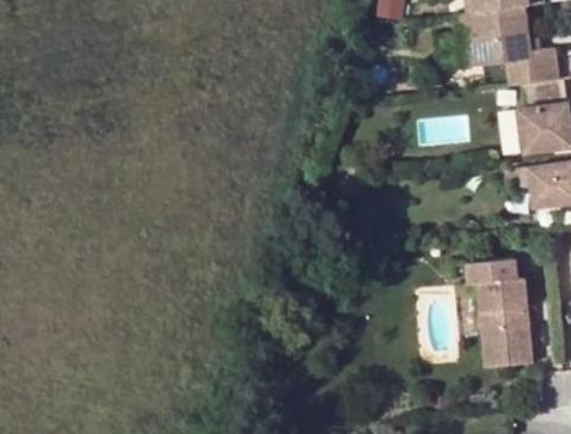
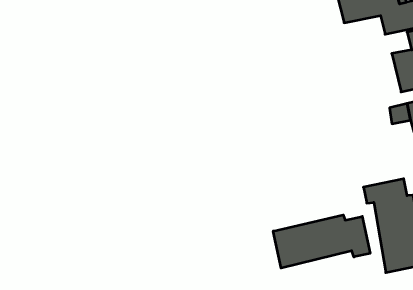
building: none -> [273,215,370,268]

